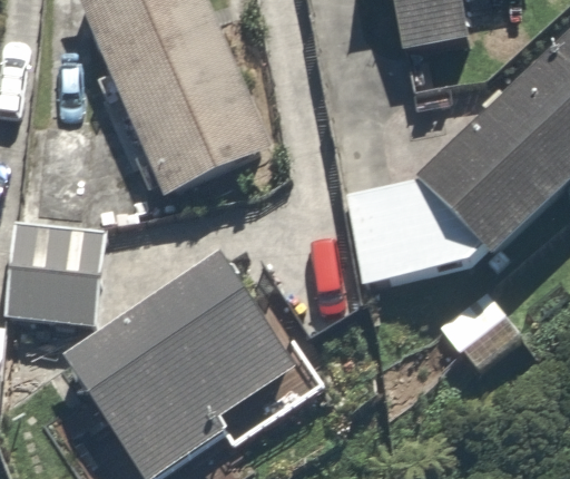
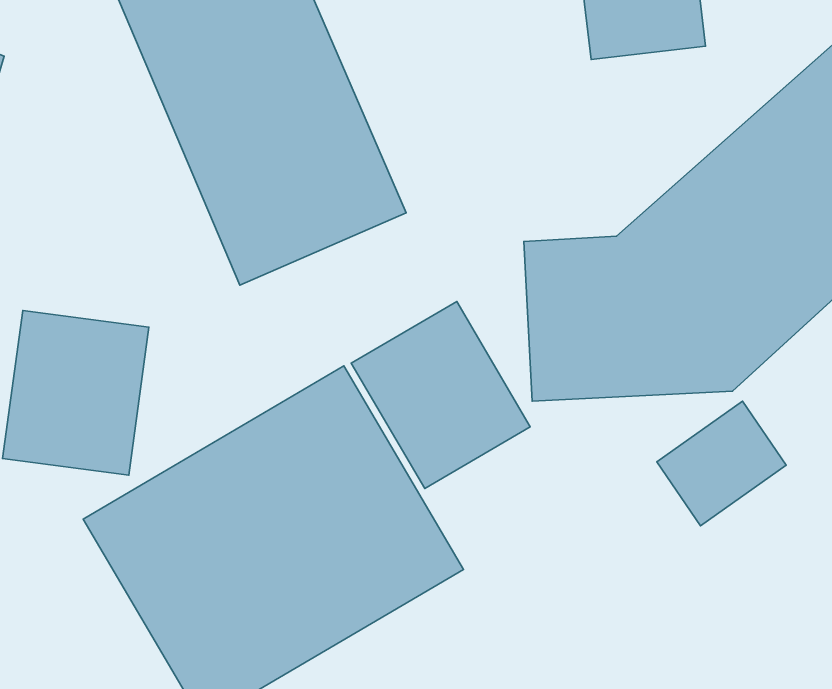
building: none -> [351,302,530,488]

